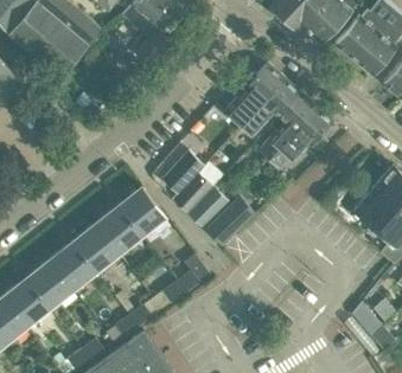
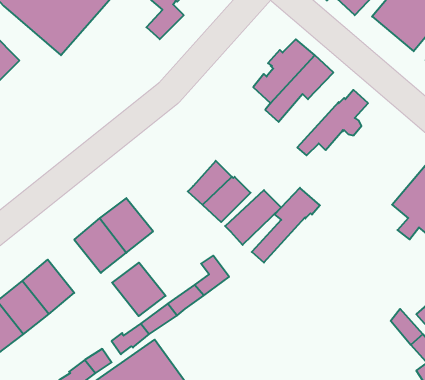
building: [259,94,319,160] -> [252,188,320,263]
building: [162,152,204,199] -> none
building: [117,186,165,234] -> none
building: [47,242,95,289] -> [112,263,166,316]

